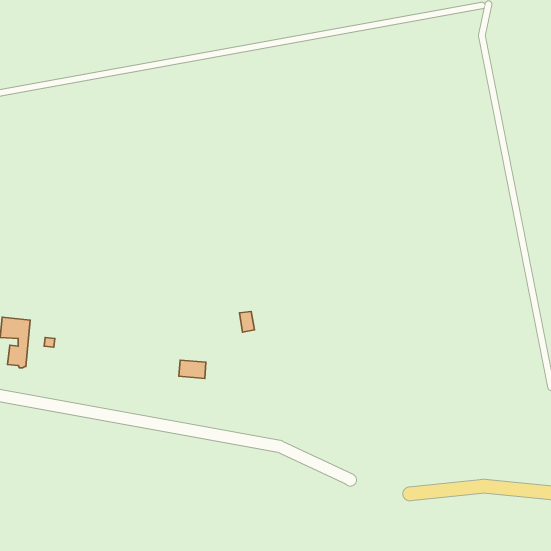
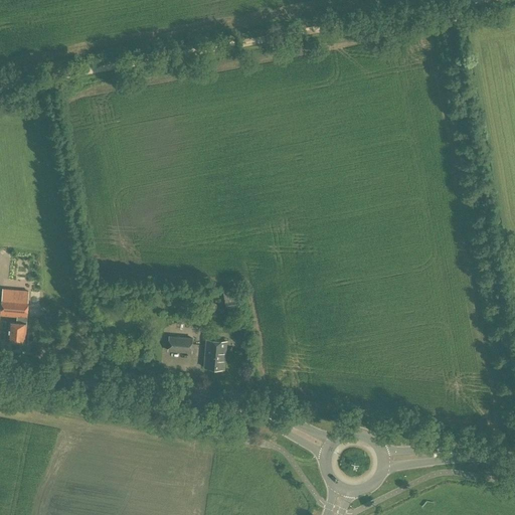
building: none -> [204,340,227,369]

